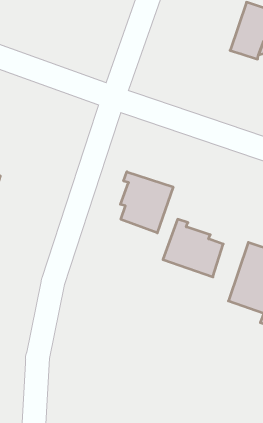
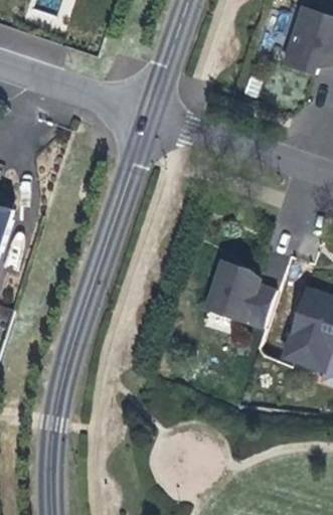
building: [120,172,173,233] -> none

